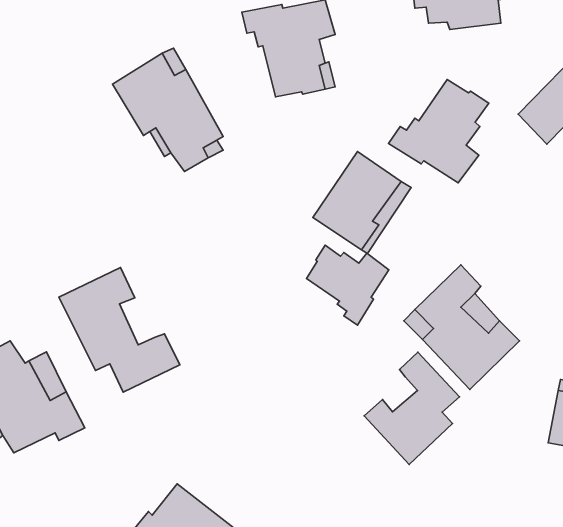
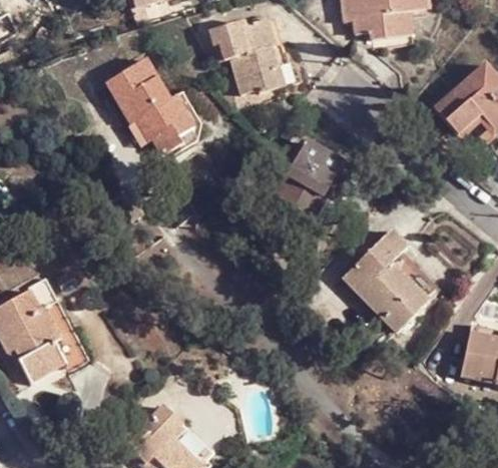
building: [389,80,489,183] -> none
building: [307,245,389,325] -> none
building: [59,268,180,392] -> none
building: [364,352,459,464] -> none

